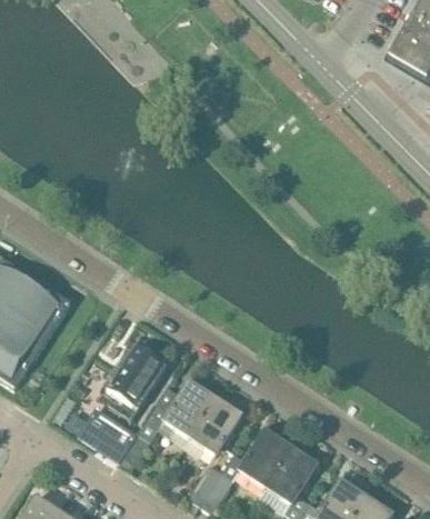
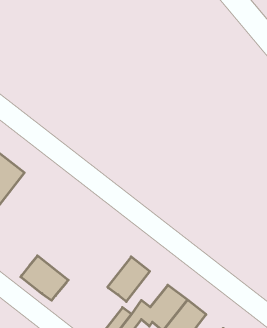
building: [107,345,166,408] -> none
building: [123,379,216,462] -> none

